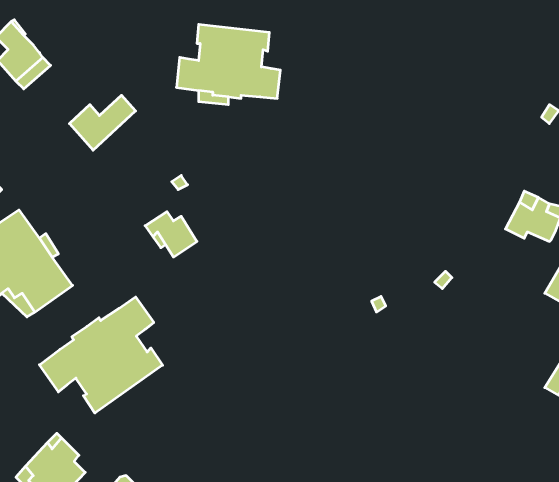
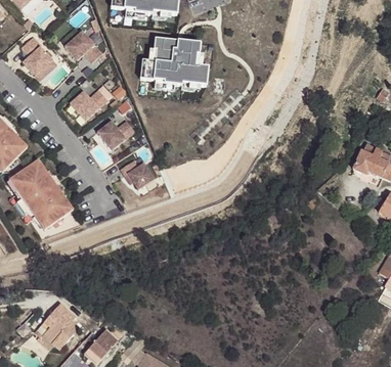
building: none -> [64,29,102,60]
building: none -> [96,119,134,148]
building: [39,297,163,413] -> none

